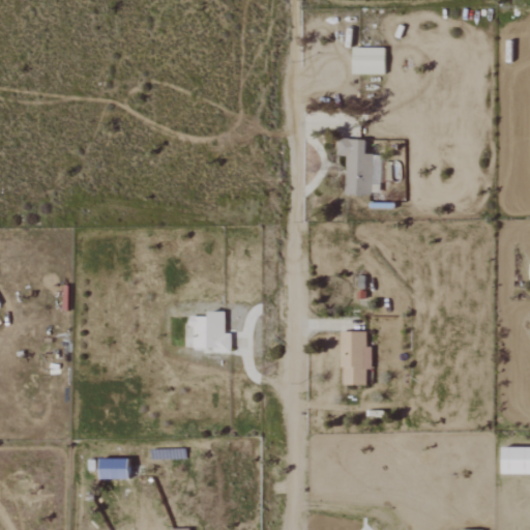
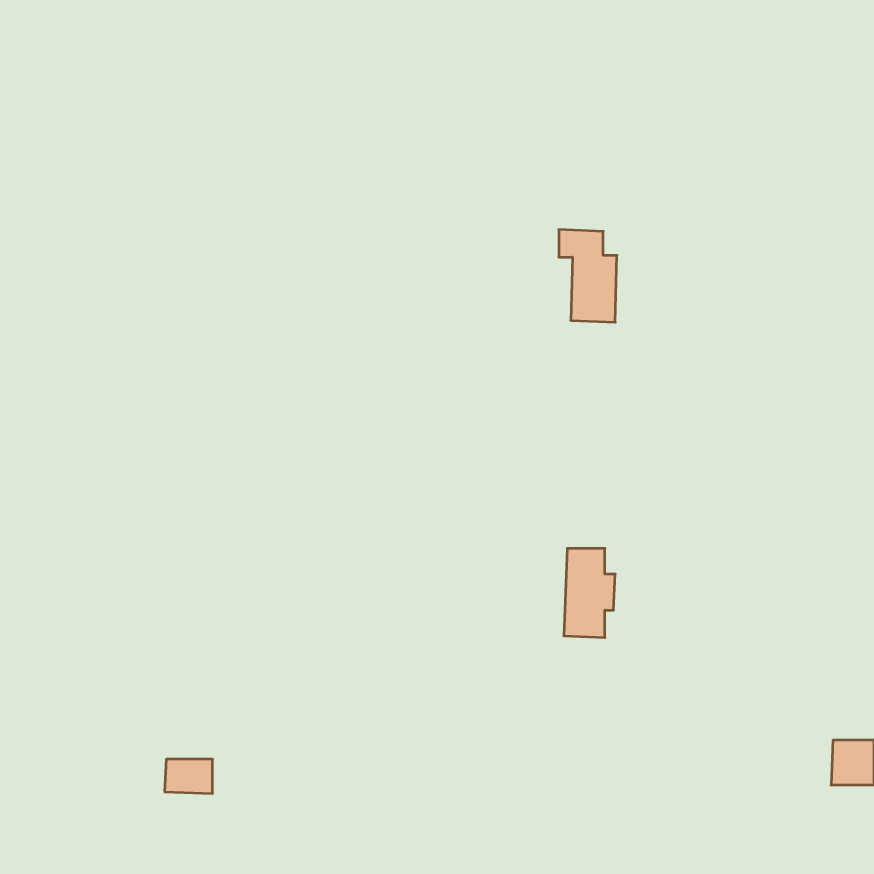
building: [352,48,385,73] -> none
building: [189,311,232,352] -> none

